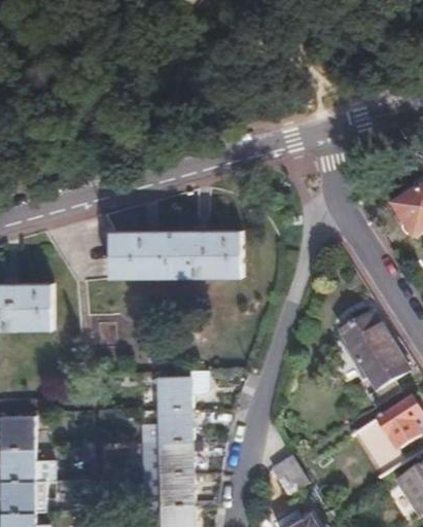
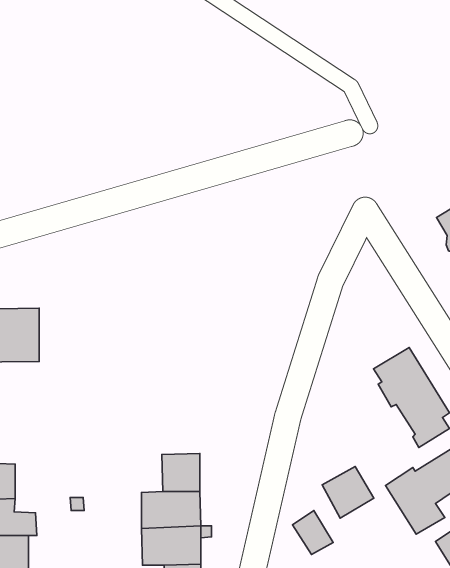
building: [110,232,244,277] -> none
building: [157,370,208,410] -> none
building: none -> [322,467,374,518]

